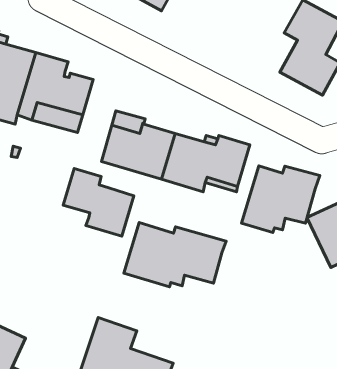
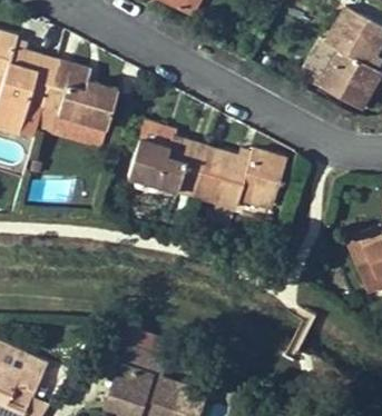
building: [241,166,320,233] -> none
building: [63,168,134,236] -> none
building: [124,222,226,287] -> none

